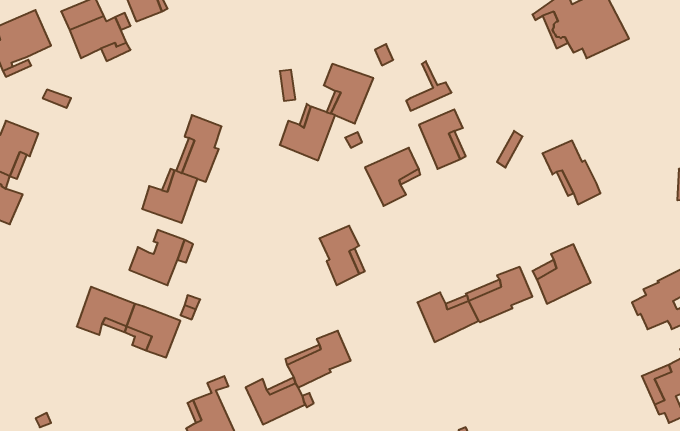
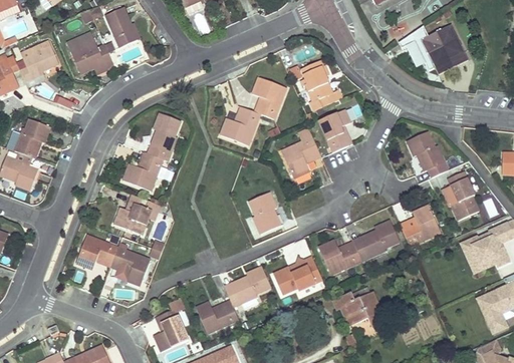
building: none -> [301,59,329,101]
building: none -> [443,170,479,220]
building: none -> [461,236,497,272]
building: none -> [273,258,322,294]
building: none -> [334,287,386,326]

